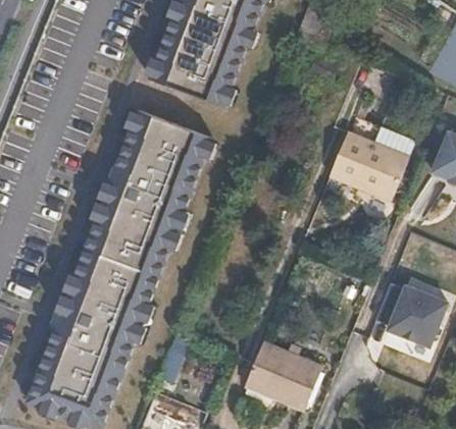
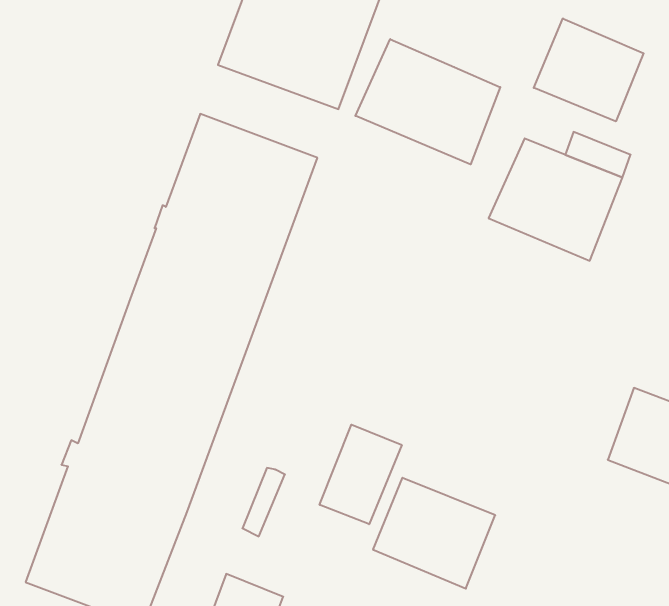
building: none -> [534,18,644,121]
building: none -> [355,39,500,164]
building: none -> [320,425,402,524]

